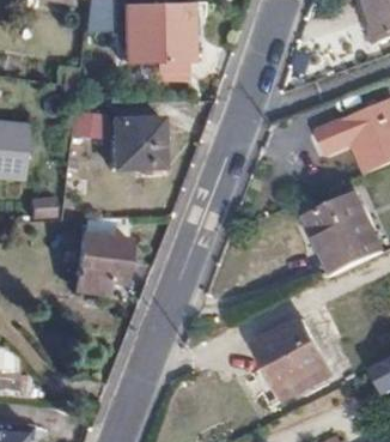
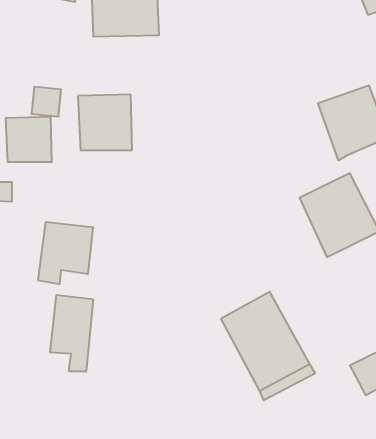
building: none -> [6,117,52,162]
building: none -> [50,295,93,372]

